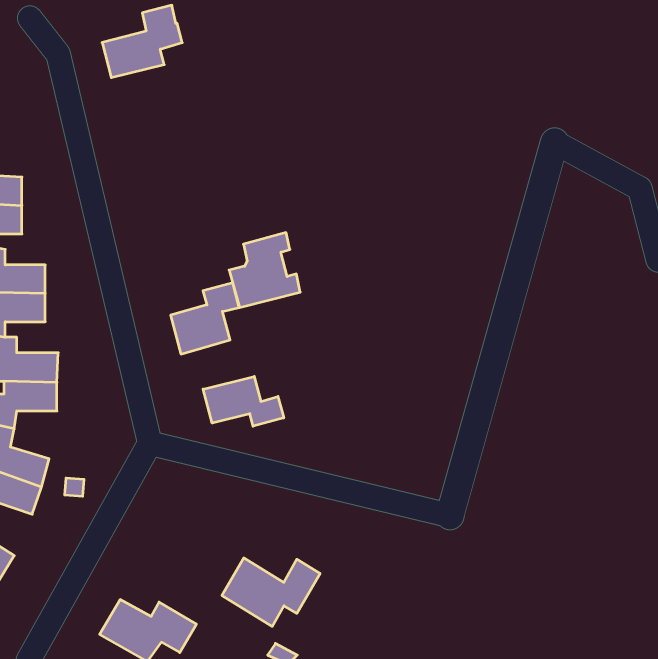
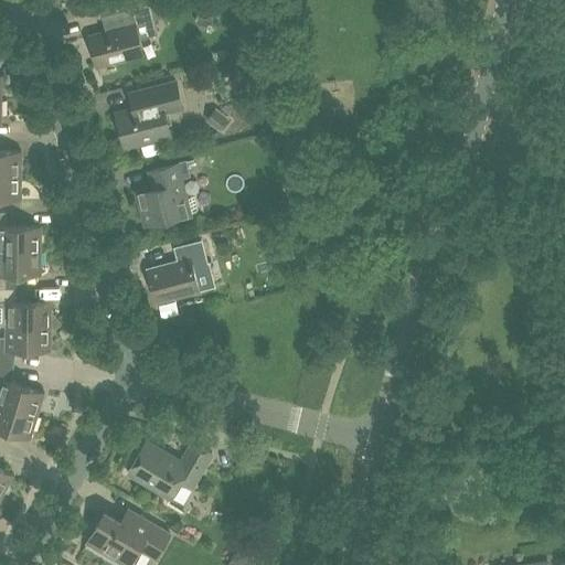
building: none -> [114,84,174,158]
building: [229,233,300,308] -> [135,162,195,226]
building: [203,376,284,426] -> none
building: [222,558,320,626] -> [126,441,210,500]

